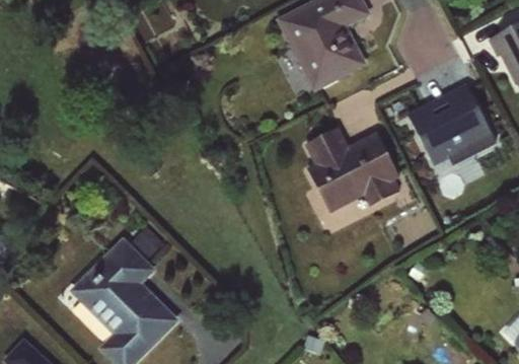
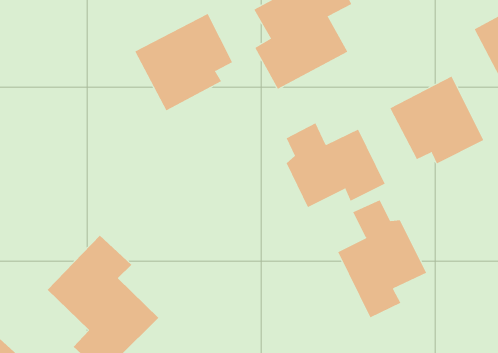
building: none -> [134,13,233,111]
building: none -> [338,199,427,318]

